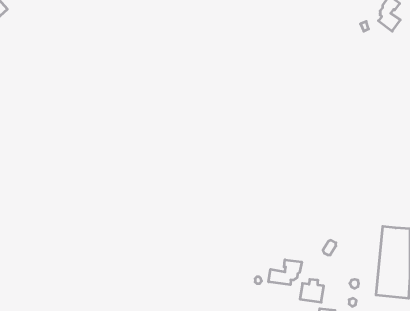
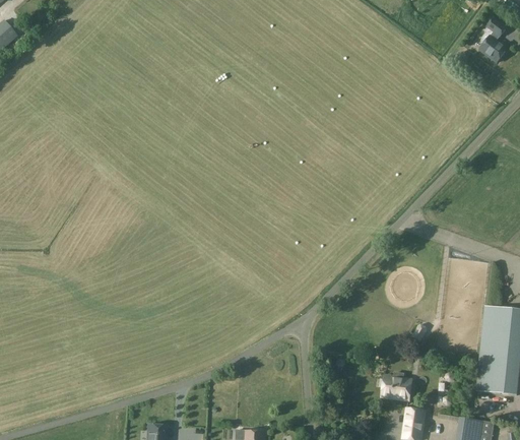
building: [269,260,302,285] -> none

